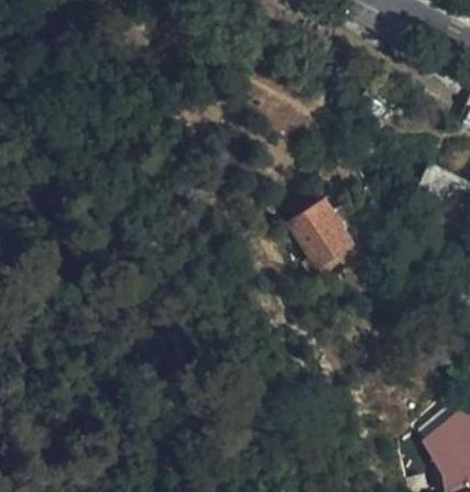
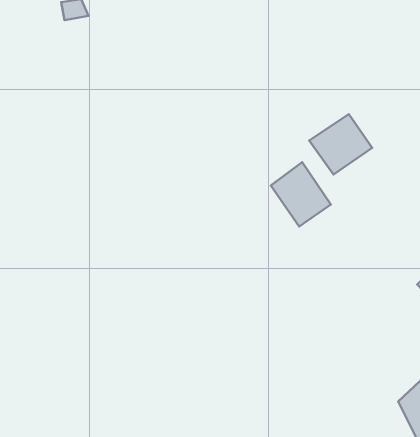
building: none -> [309,114,372,174]

